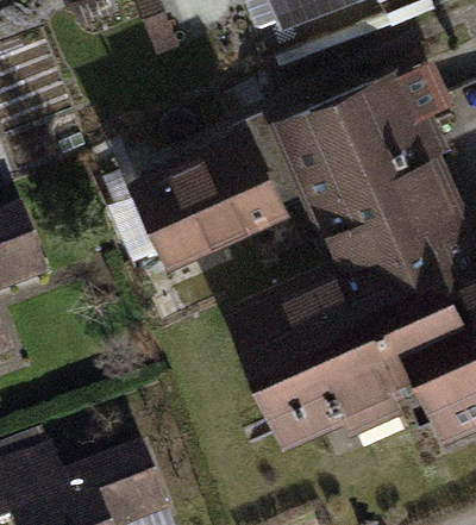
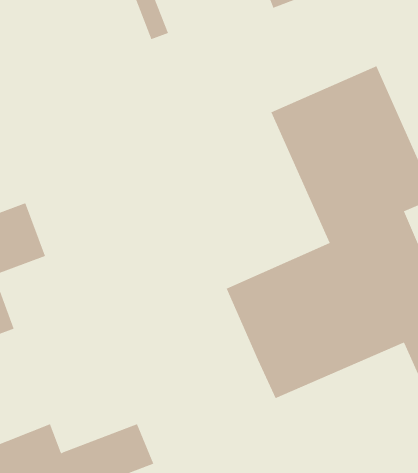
building: [150,124,307,250] -> none

